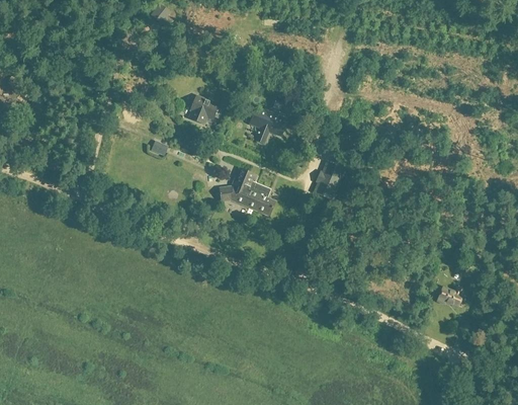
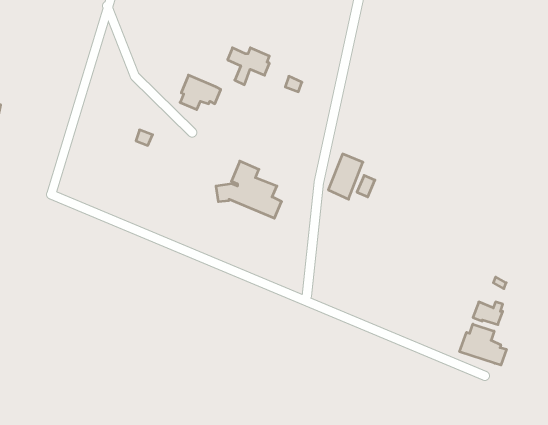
building: [249,112,284,144] -> [228,48,269,85]
building: none -> [460,324,506,365]

